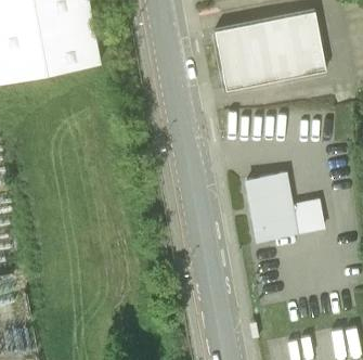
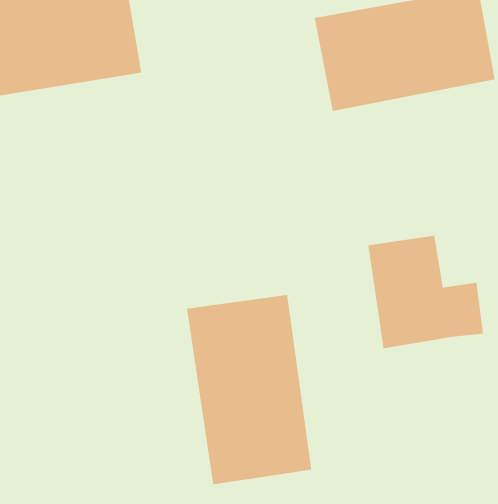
building: none -> [186,294,312,485]

